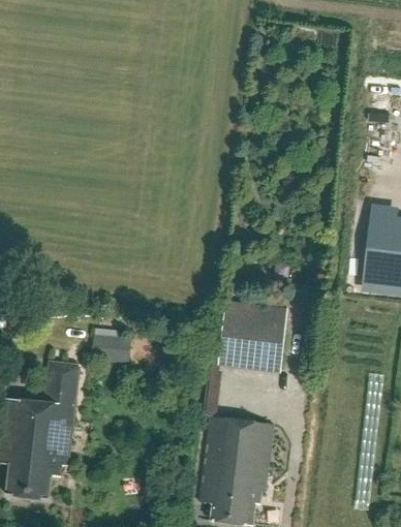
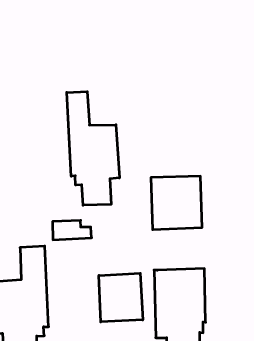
building: none -> [67,92,119,205]
building: none -> [99,273,143,322]

